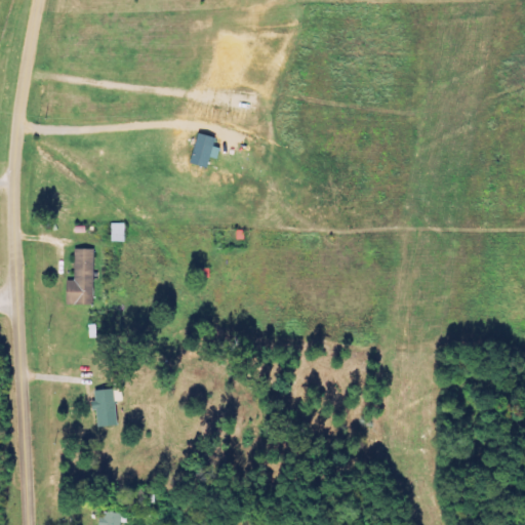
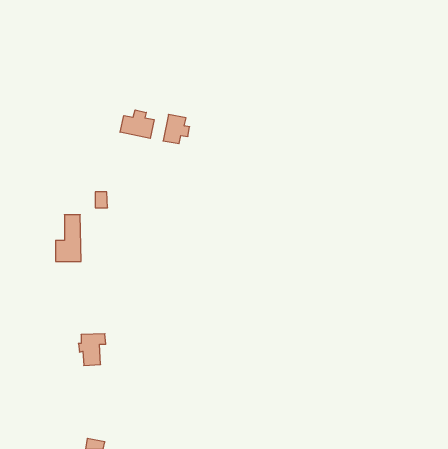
building: none -> [120,110,154,138]

